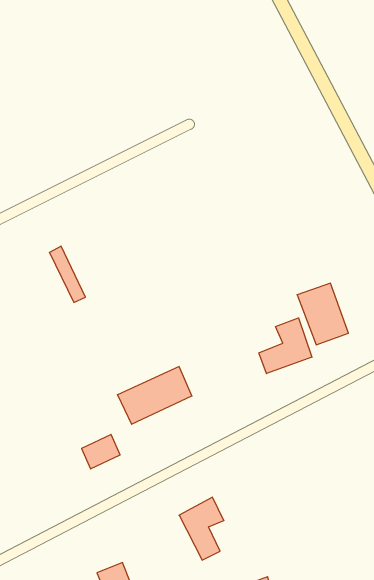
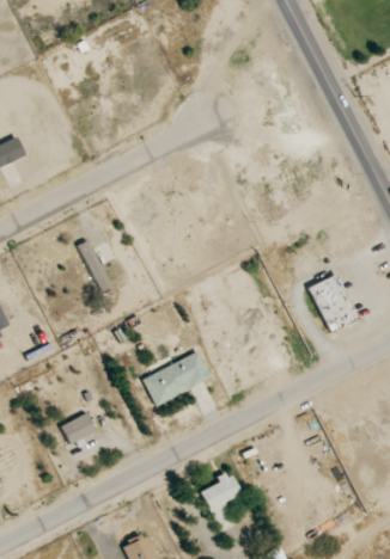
building: [259,318,312,374] -> none
building: [82,434,120,469] -> [61,412,97,444]

